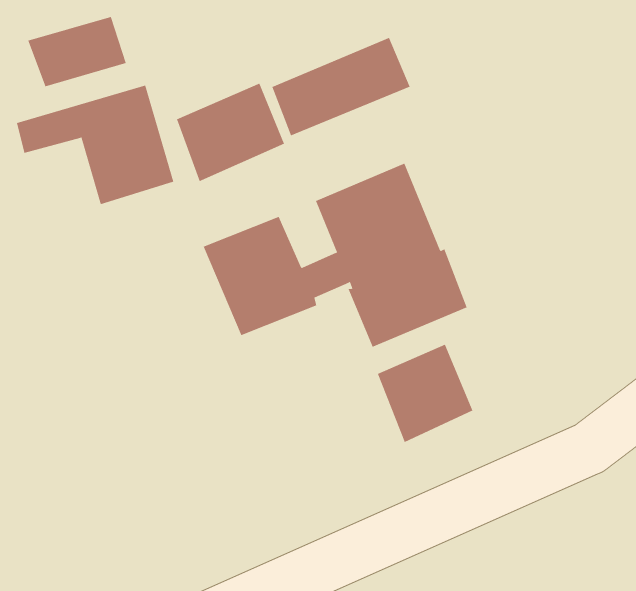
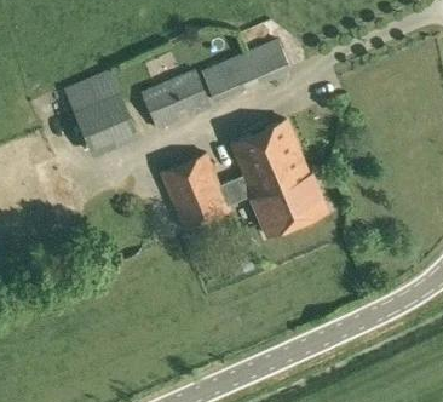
building: [28,16,126,87] -> none
building: [377,344,473,443] -> none

